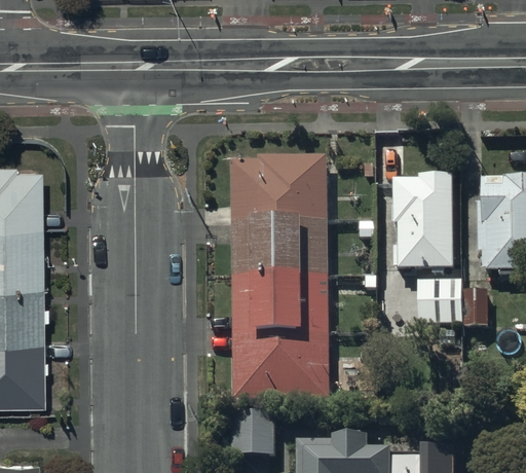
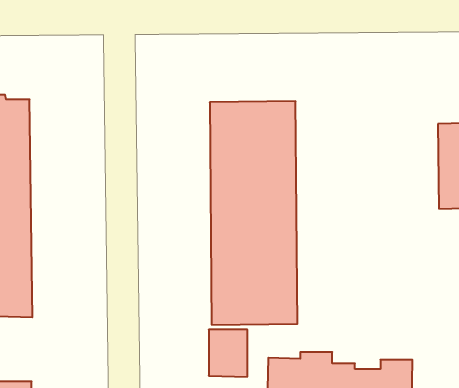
building: [394,174,452,268] -> none
building: [417,280,491,327] -> none

